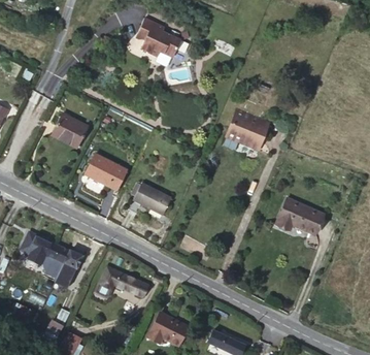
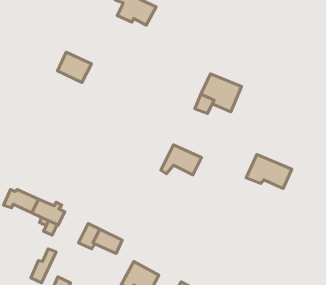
building: [54,117,90,149] -> [57,52,91,82]
building: [88,158,129,192] -> none
building: [130,183,173,215] -> [161,145,202,175]

